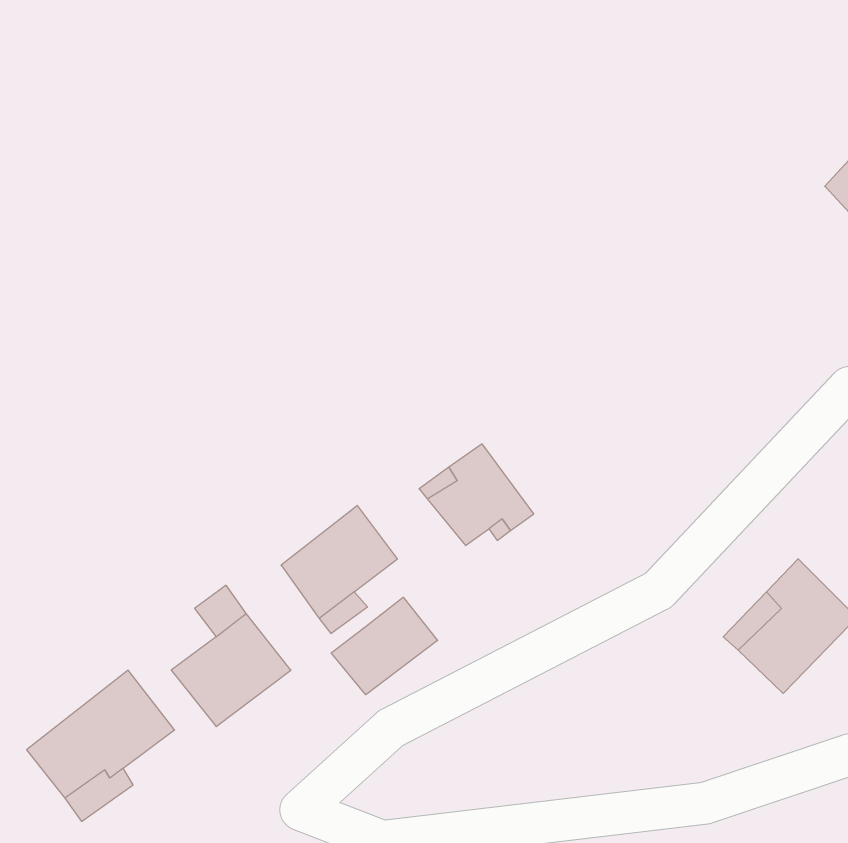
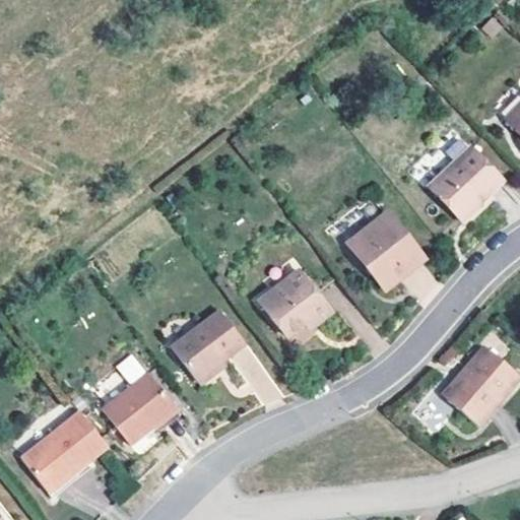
building: none -> [429,145,505,214]
building: none -> [341,213,417,287]
building: [331,597,438,695] -> none

